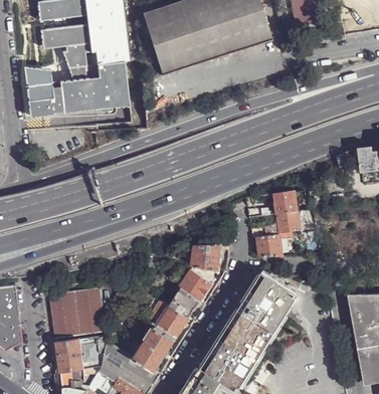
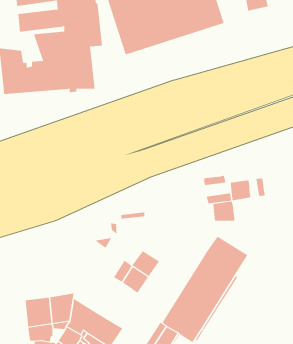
building: [274,190,299,213] -> none
building: [192,243,222,269] -> none
building: [180,268,211,300] -> none
building: [49,286,105,338] -> none
building: [136,327,175,370] -> none

